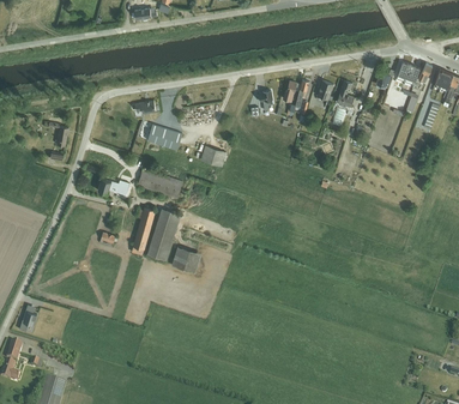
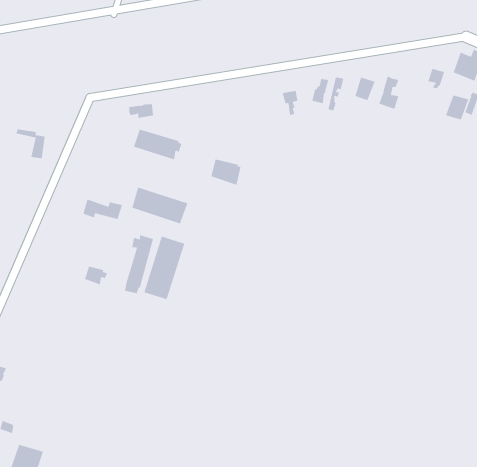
building: [171,247,203,273] -> none

